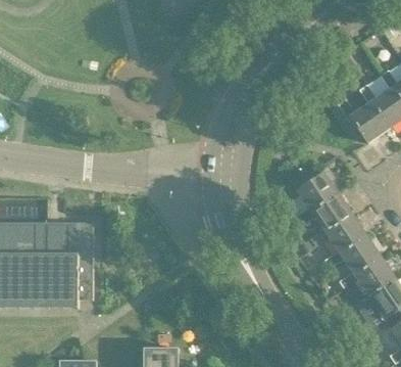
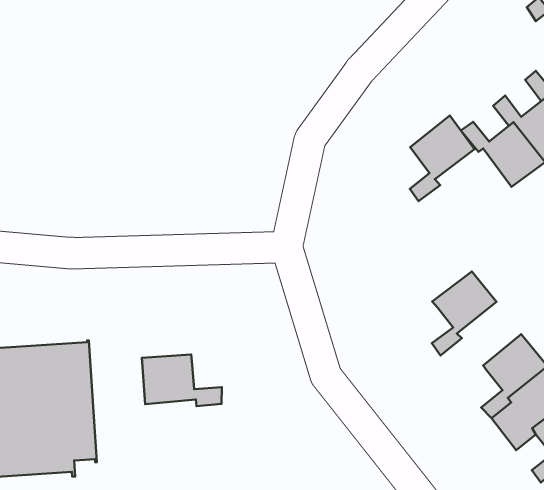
building: [297,173,340,226] -> [410,115,475,201]
building: [325,216,368,268] -> none
building: none -> [142,354,222,406]

